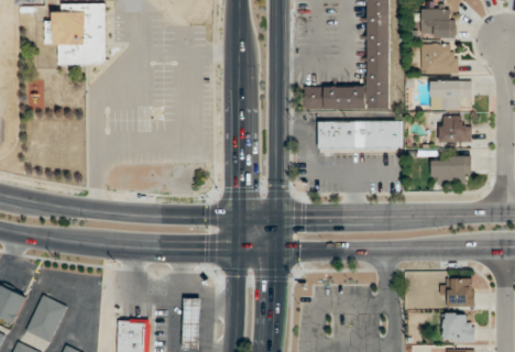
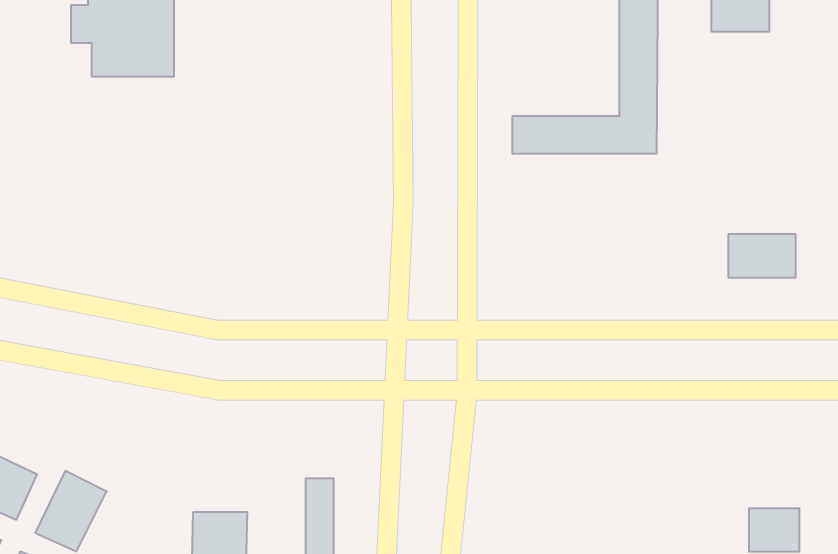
building: [421,44,458,74] -> none
building: [430,81,472,109] -> none
building: [439,116,471,142] -> none
building: [319,121,403,148] -> none
building: [448,278,473,307] -> none

